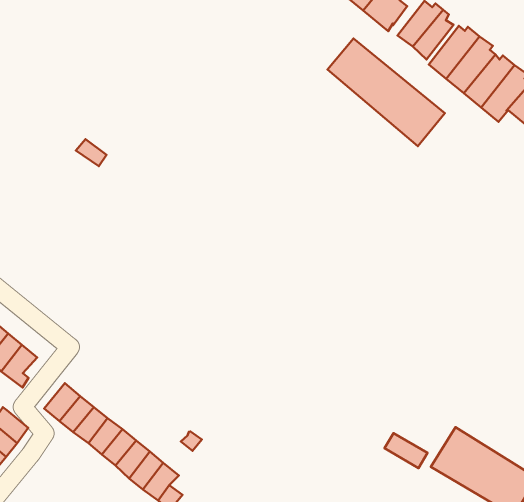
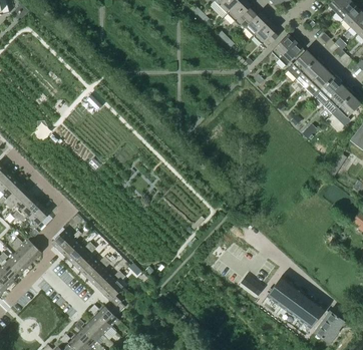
building: [328,39,445,146] -> none

